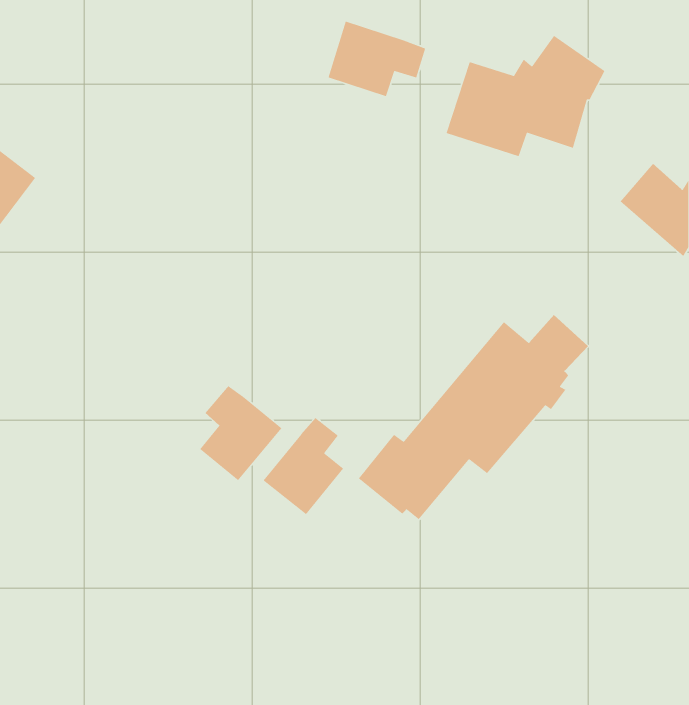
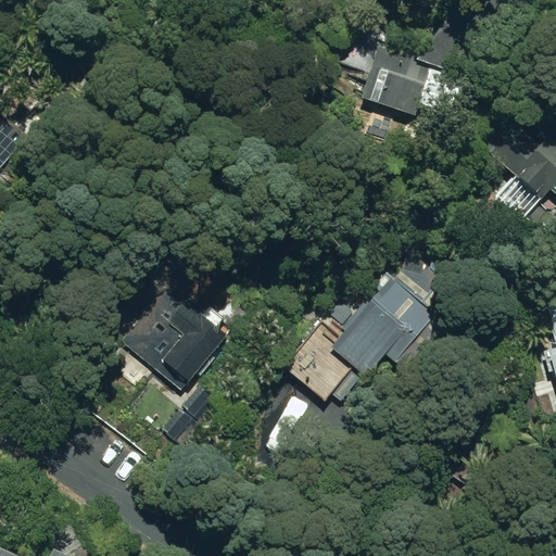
building: [327,21,426,97] -> none
building: [262,417,344,515] -> none

